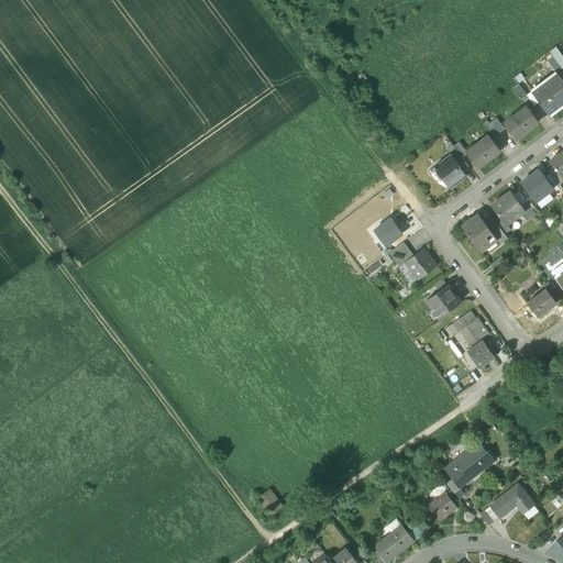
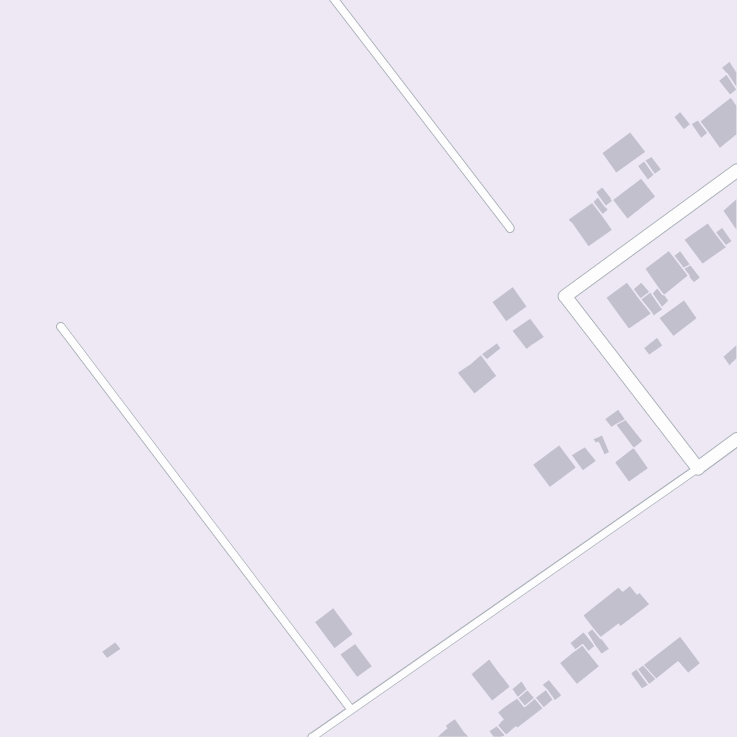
building: [504,107,538,139] -> [601,132,646,173]
building: [405,249,435,279] -> [457,354,497,395]
building: [426,285,460,318] -> [532,444,577,488]
building: [526,288,555,317] -> [659,299,698,337]
building: none -> [314,607,354,649]
building: none -> [471,658,511,702]

